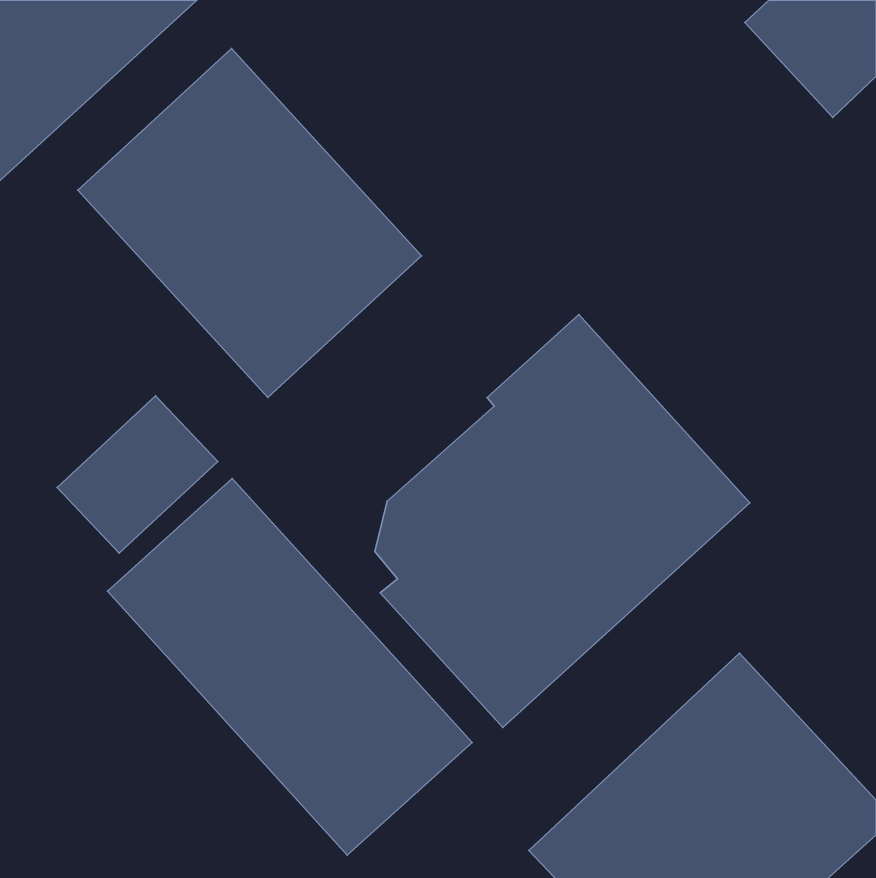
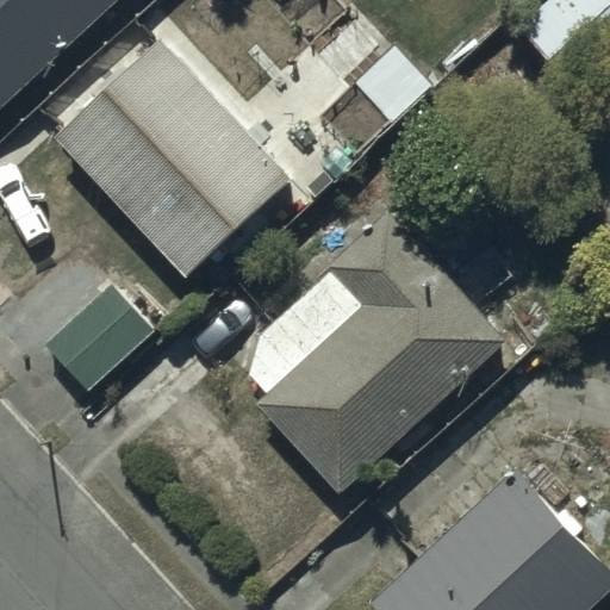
building: [107,479,472,855] -> none

